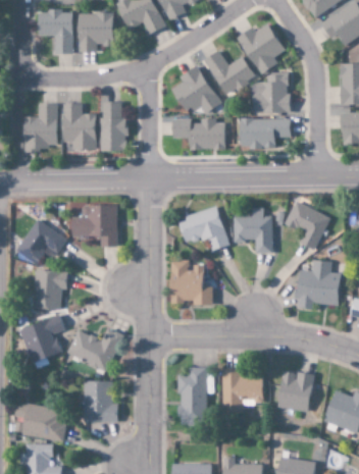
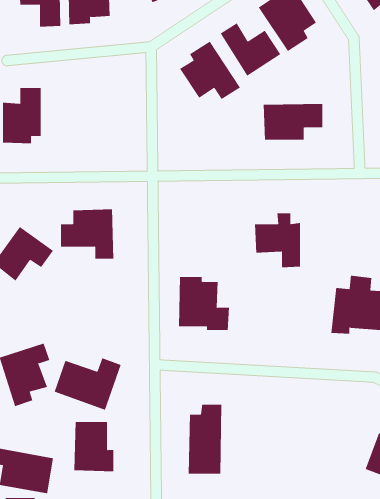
building: [254,73,289,113] -> none
building: [100,102,125,151] -> none
building: [62,103,96,150] -> none
building: [172,119,224,149] -> none
building: [285,201,329,250] -> none
building: [178,206,228,251] -> none
building: [33,270,66,310] -> none
building: [221,369,263,413] -> none
building: [277,372,312,412] -> none

